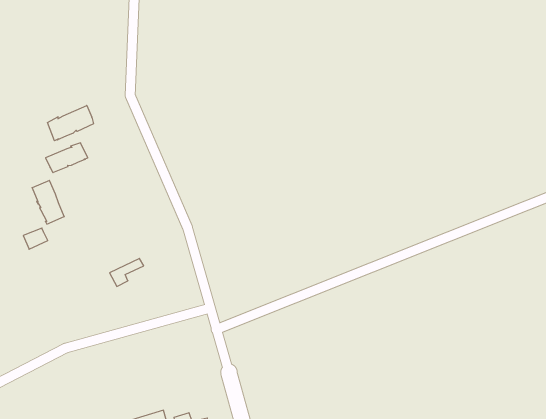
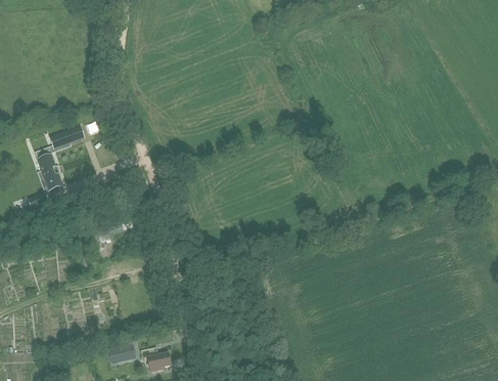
building: [48,105,94,141] -> none

